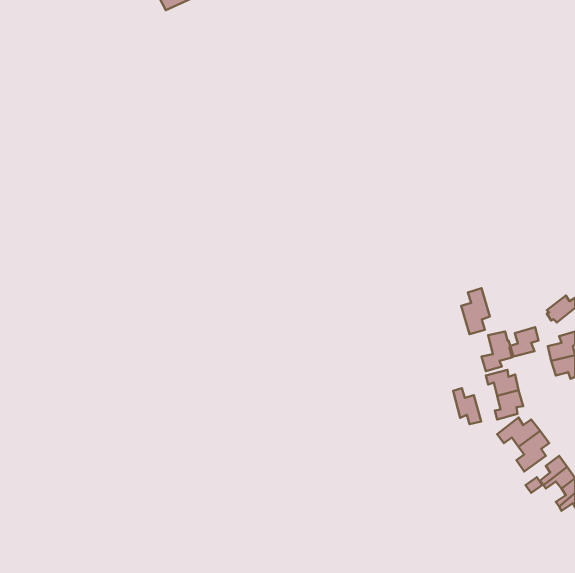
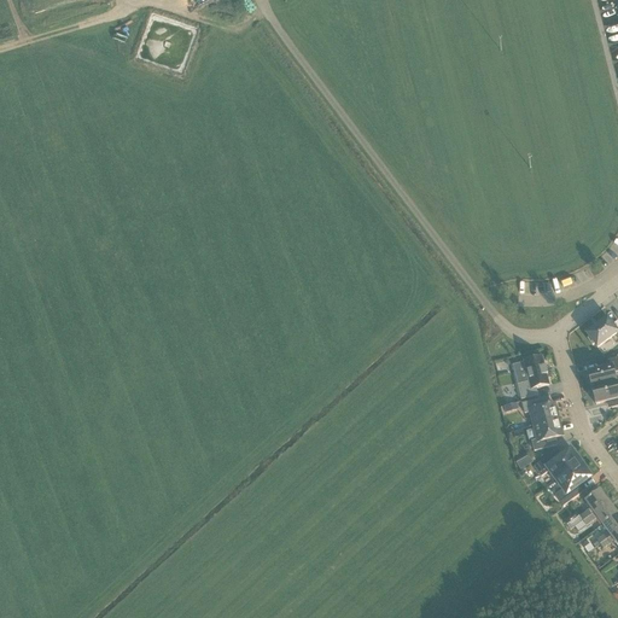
building: [461,288,490,334] -> none
building: [510,327,539,357] -> none
building: [453,388,481,424] -> none

